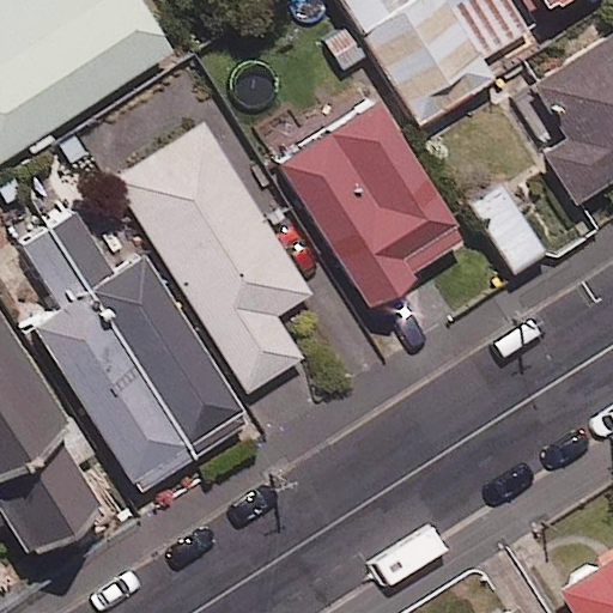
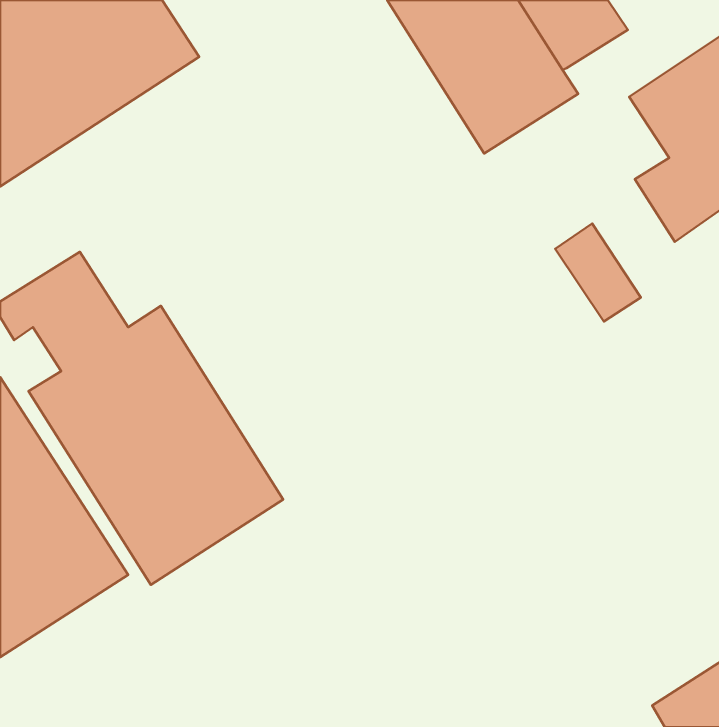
building: [277,103,467,305] -> none
building: [114,123,311,393] -> none

